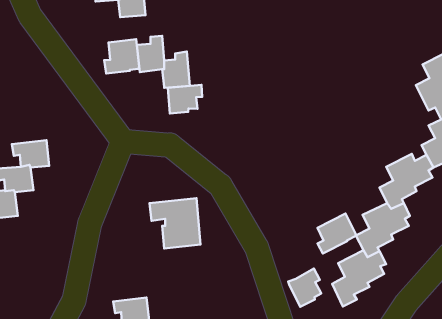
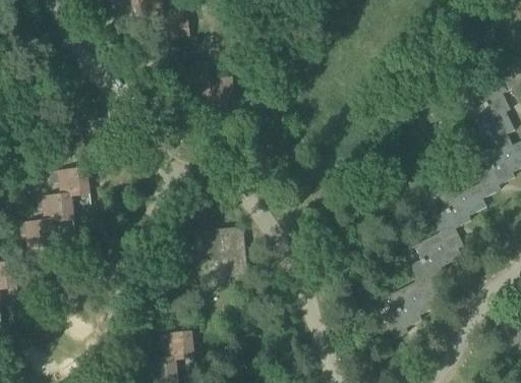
building: [104,39,139,74] -> none
building: [168,85,202,113] -> none
building: [317,213,356,253] -> none
building: [288,269,321,307] -> none

